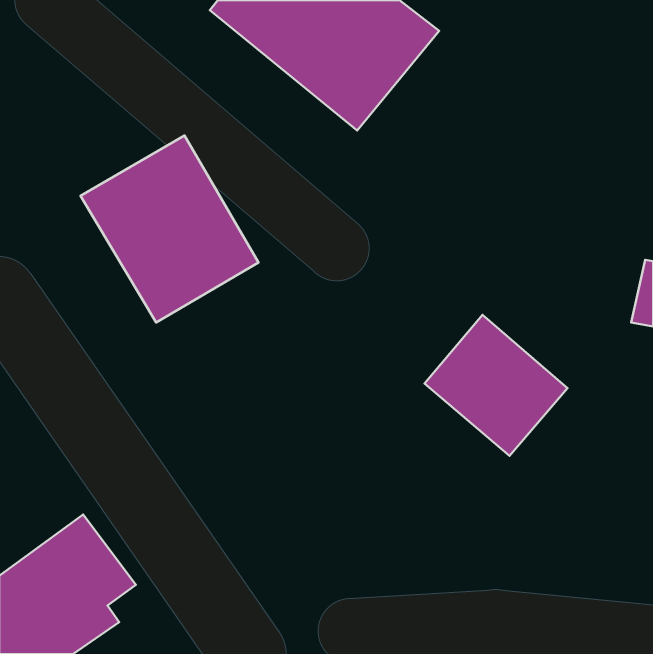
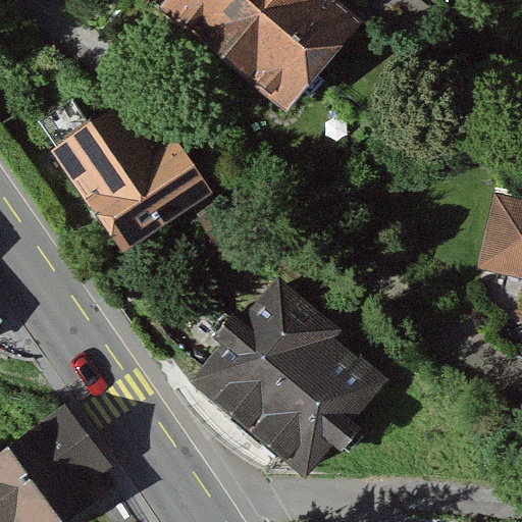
building: [425,315,567,456] -> none
building: none -> [198,288,371,471]

